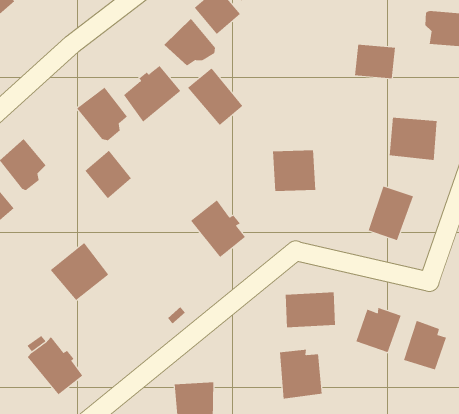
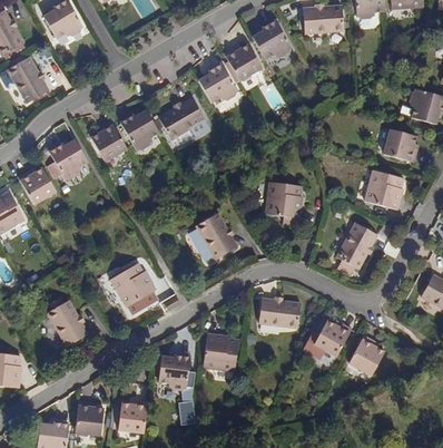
building: [354,44,396,79] -> [380,128,416,160]
building: [187,67,243,126] -> none
building: [85,150,132,199] -> [90,124,127,163]
building: [50,242,109,301] -> [109,261,156,306]
building: [279,349,323,399] -> [204,332,238,371]

